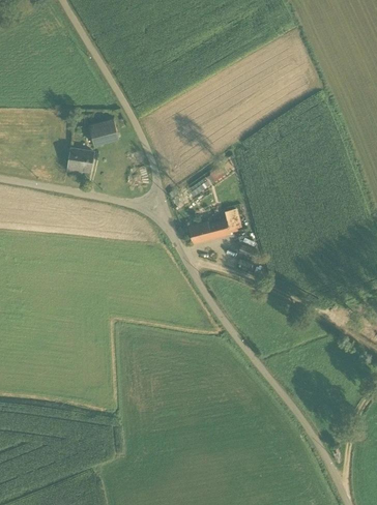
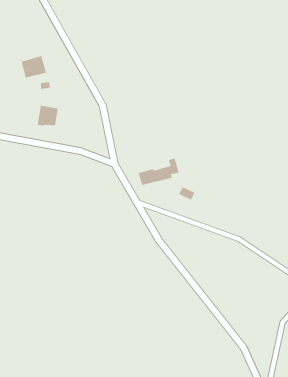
building: [88,120,119,147] -> [21,56,47,78]

